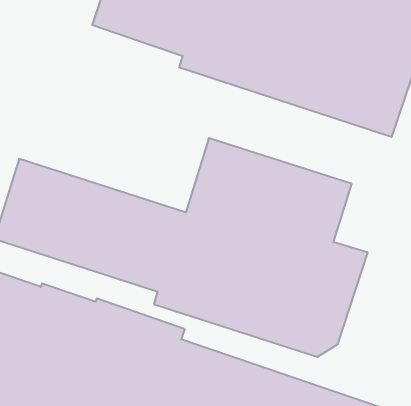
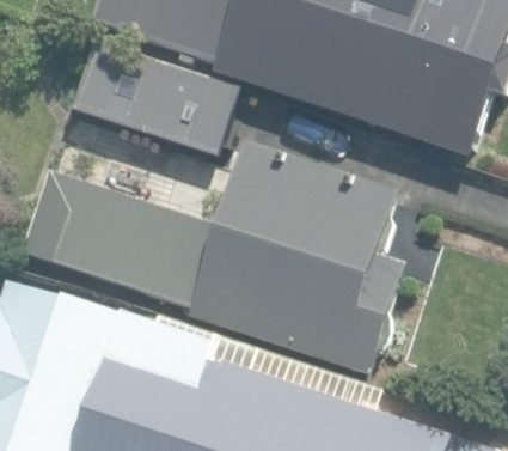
building: none -> [96,56,240,159]

